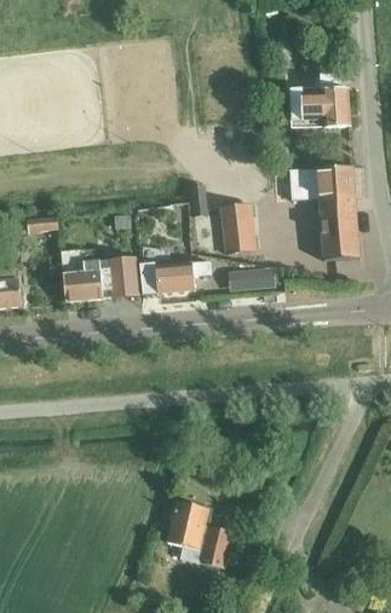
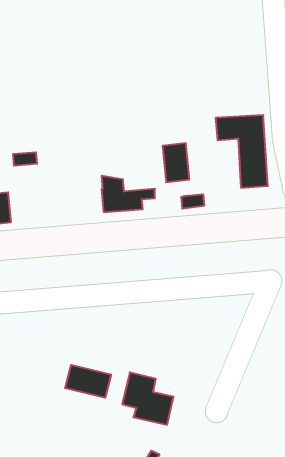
building: [287,74,347,128] -> none
building: [61,256,138,301] -> none
building: none -> [65,365,111,398]

